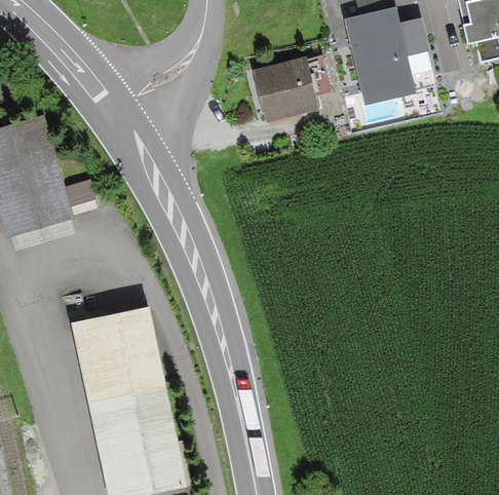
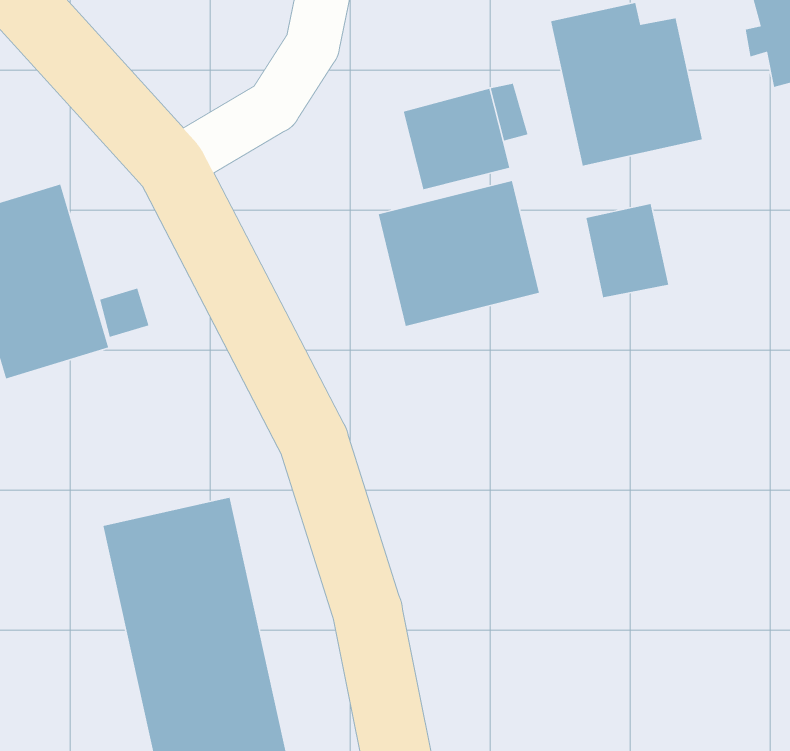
building: none -> [378,180,540,327]
building: none -> [585,203,669,298]

